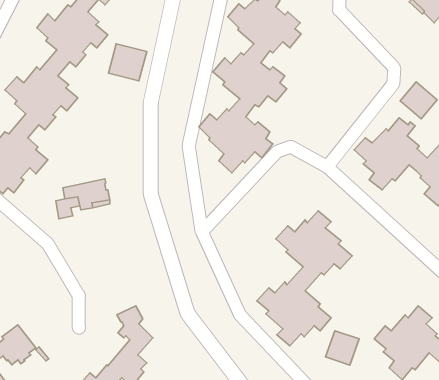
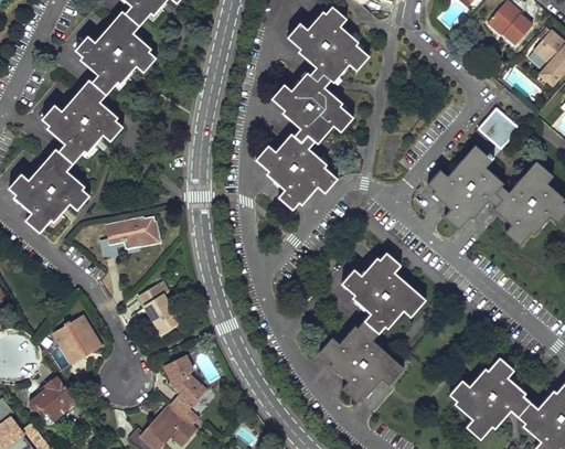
building: [108,44,147,81] -> none
building: none -> [139,282,179,332]
building: none -> [53,316,100,364]
building: [326,331,359,365] -> none

